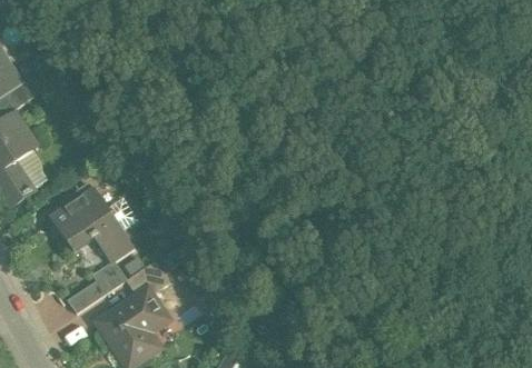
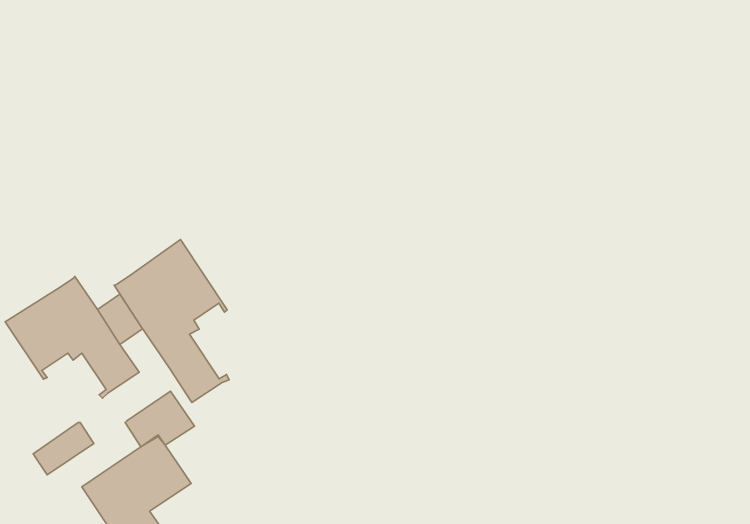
building: none -> [114,240,229,403]
building: [91,261,127,294] -> none

